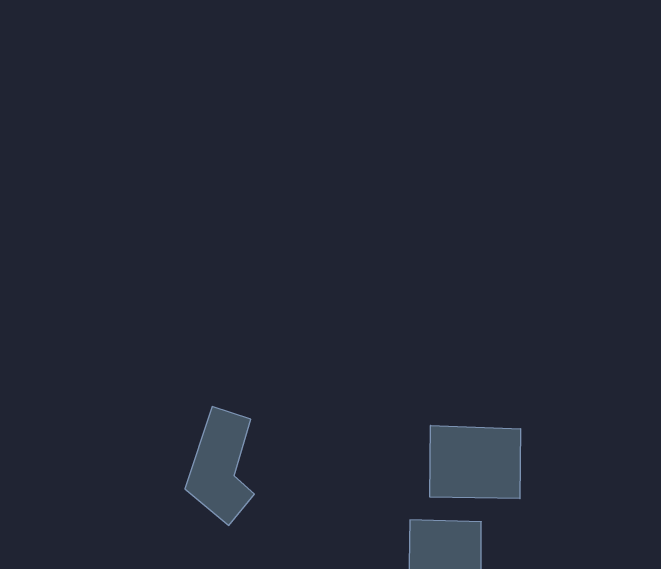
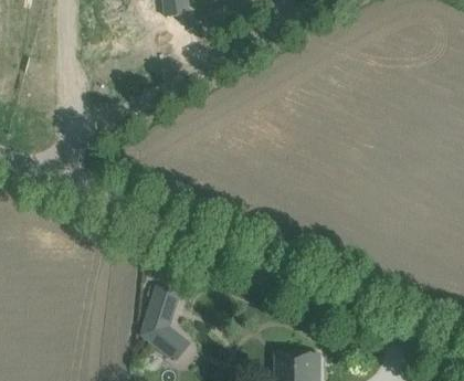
building: [430,425,521,499] -> none

